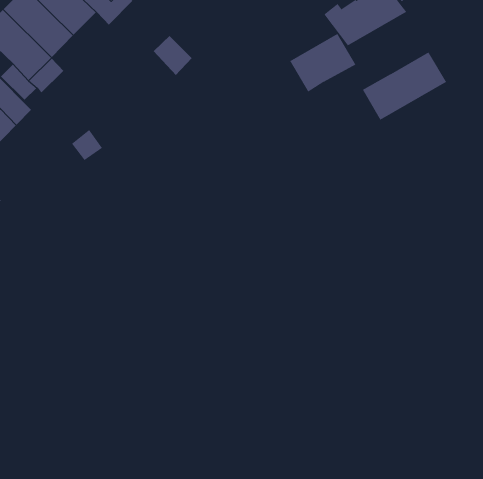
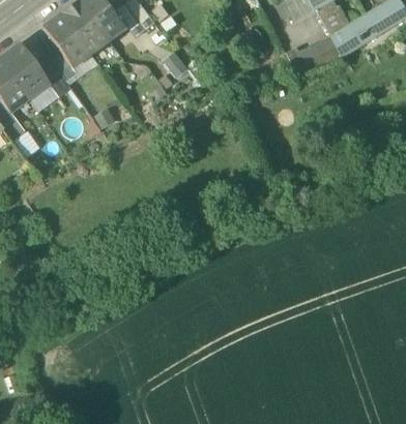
building: [289,33,356,93] -> none
building: [362,51,447,120] -> none

